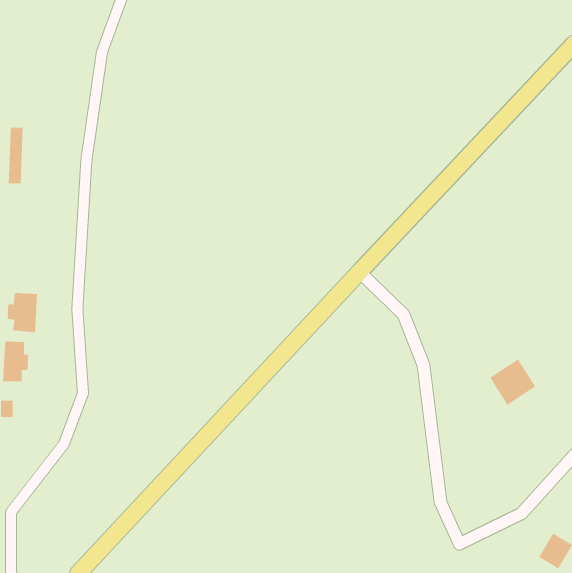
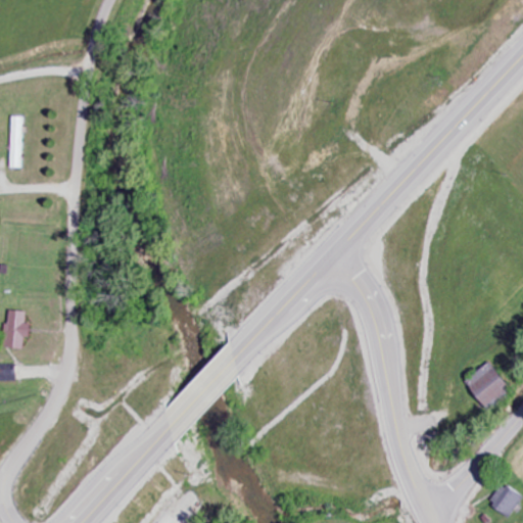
building: [7,292,38,333] -> none
building: [489,359,536,406] -> [463,363,506,406]

